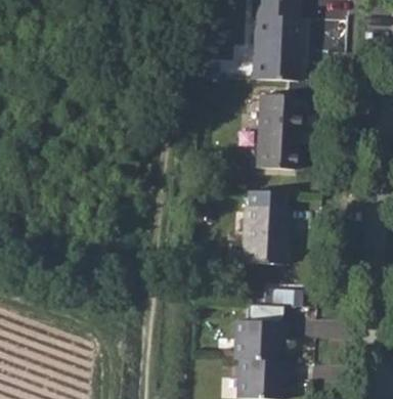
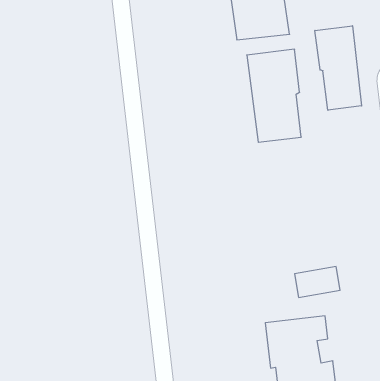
building: none -> [315,26,362,110]
building: [242,204,289,263] -> none

